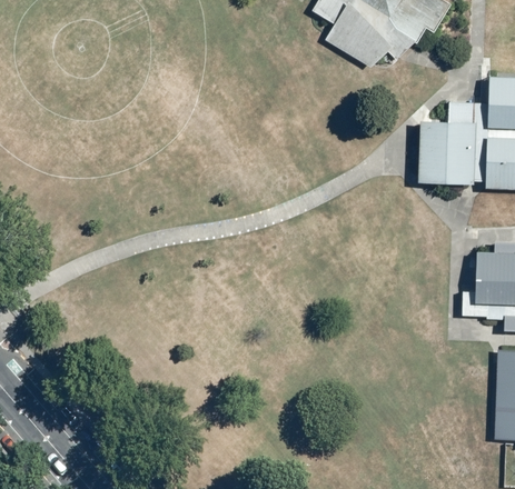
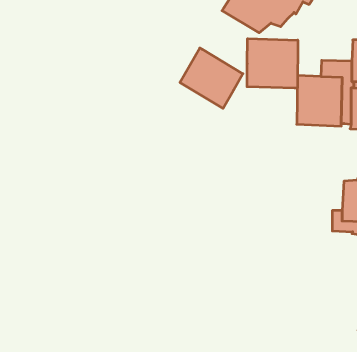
building: none -> [247,39,298,88]
building: none -> [180,48,243,108]

